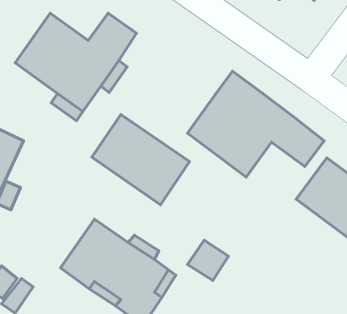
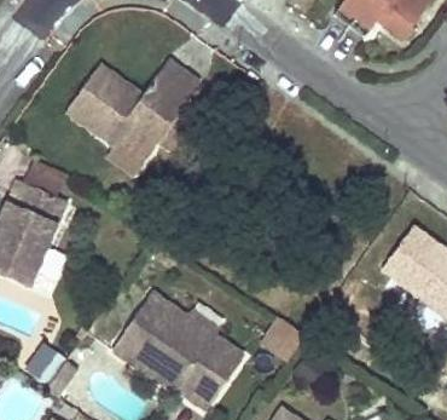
building: [187,71,324,177] -> none
building: [92,115,189,205] -> none

